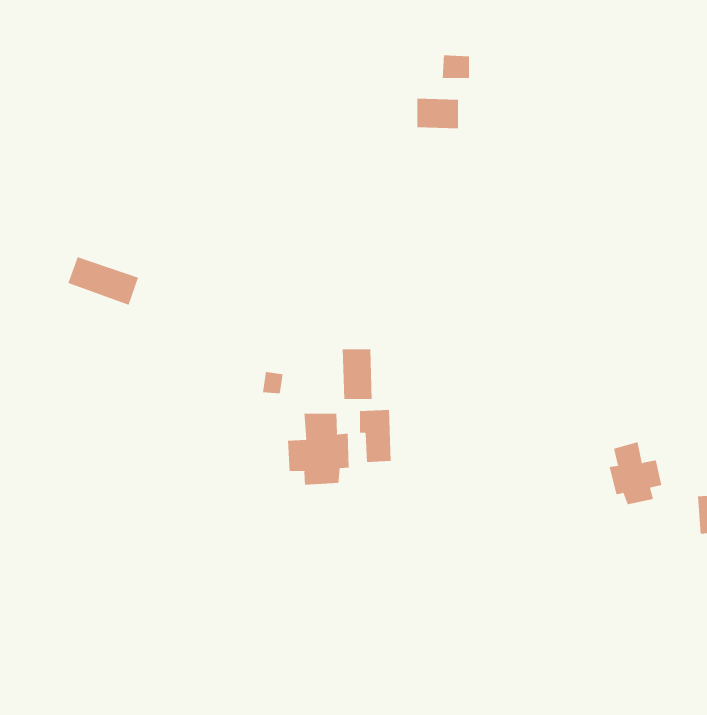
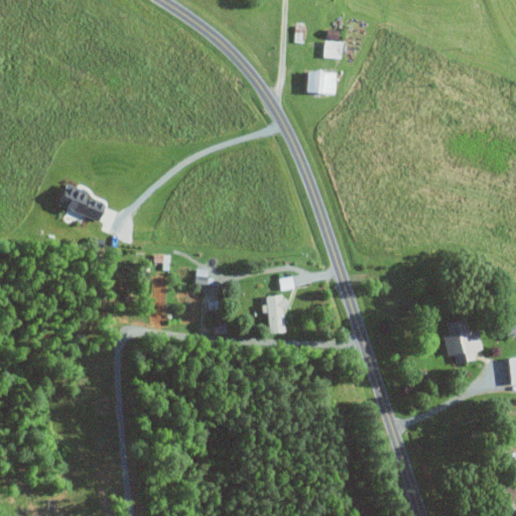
building: [342,348,372,400] -> none
building: [288,413,349,486] -> none

